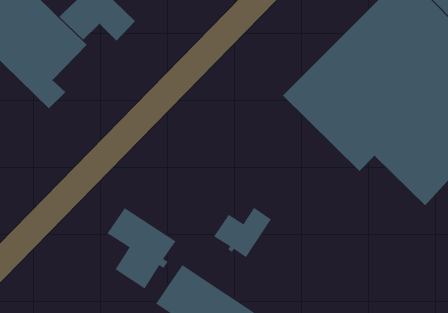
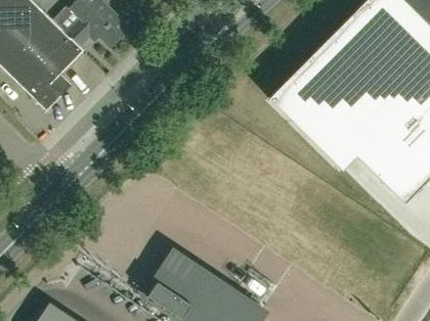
building: [213,207,272,258] -> none
building: [107,207,177,290] -> none

